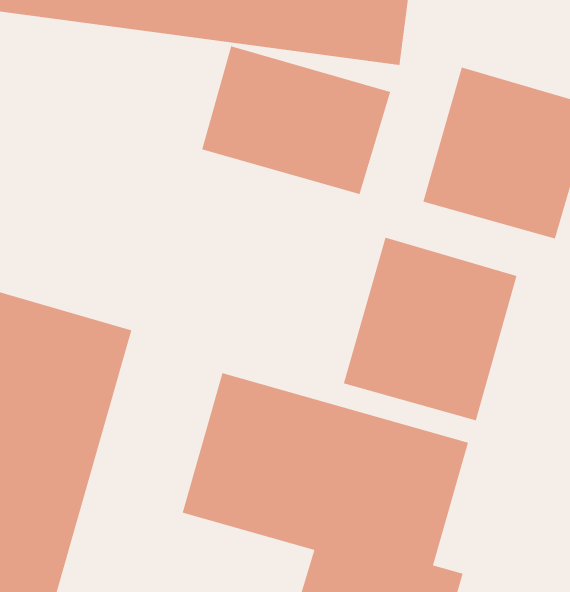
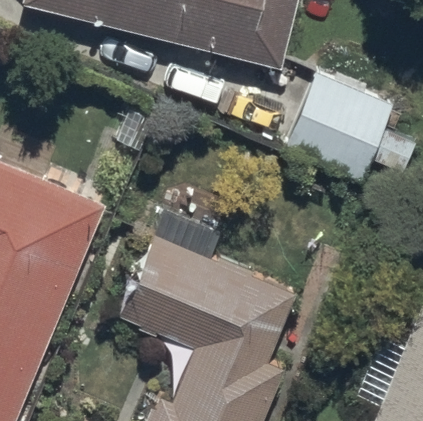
building: [202,46,391,195] -> none
building: [343,237,517,421] -> none

